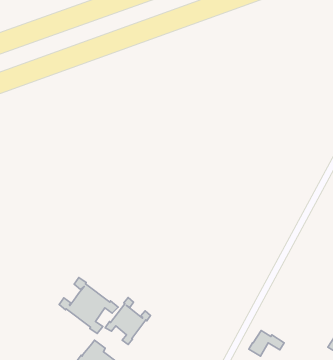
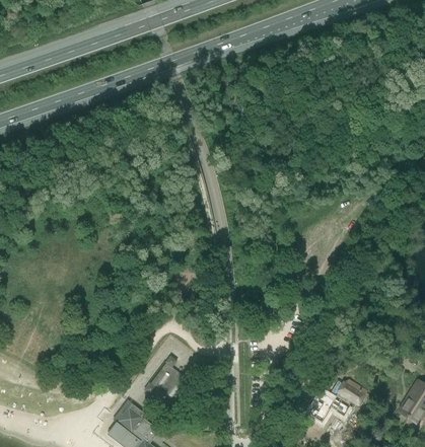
building: [59,277,118,334] -> none
building: none -> [339,379,367,406]

